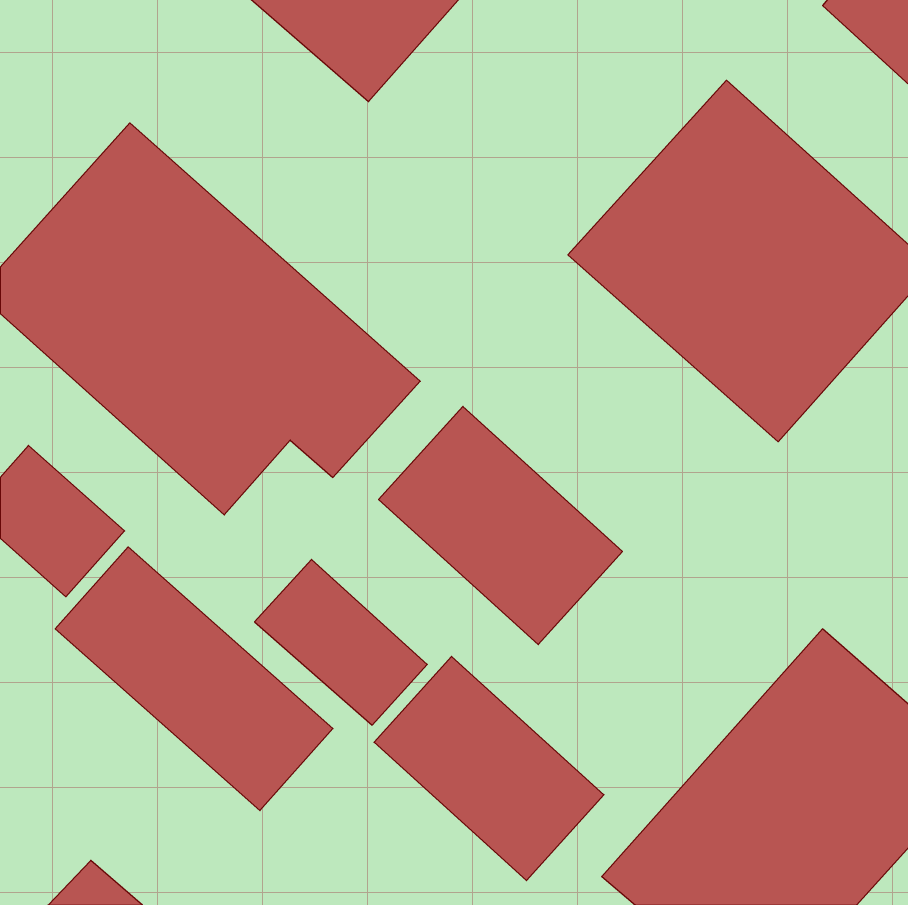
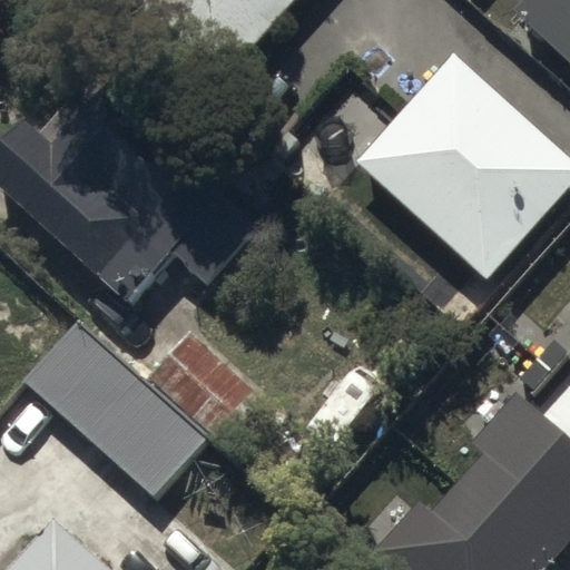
building: [379,406,622,645] -> none
building: [374,656,604,881] -> none

